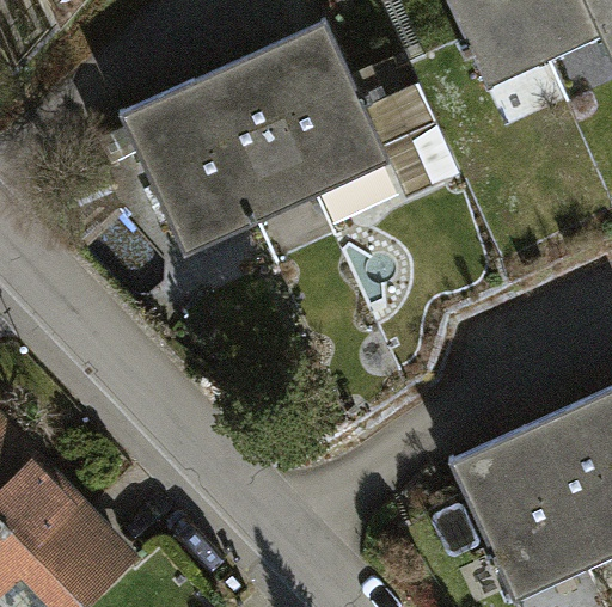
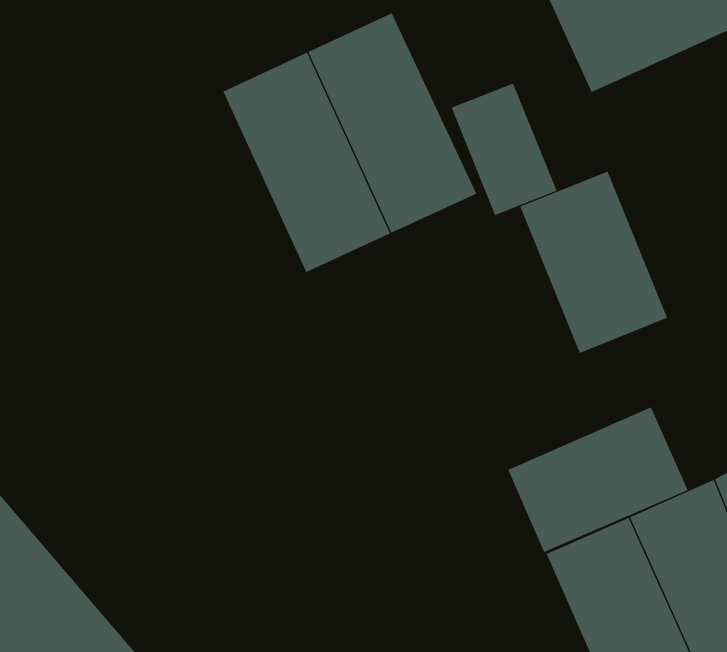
building: [120,86,257,265] -> none
building: none -> [520,171,668,354]
building: none -> [508,406,688,553]

